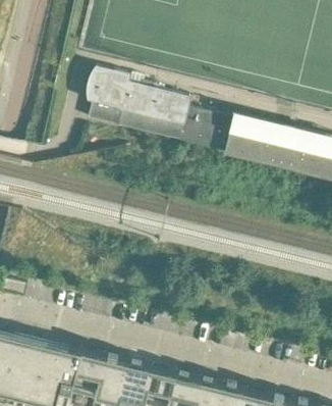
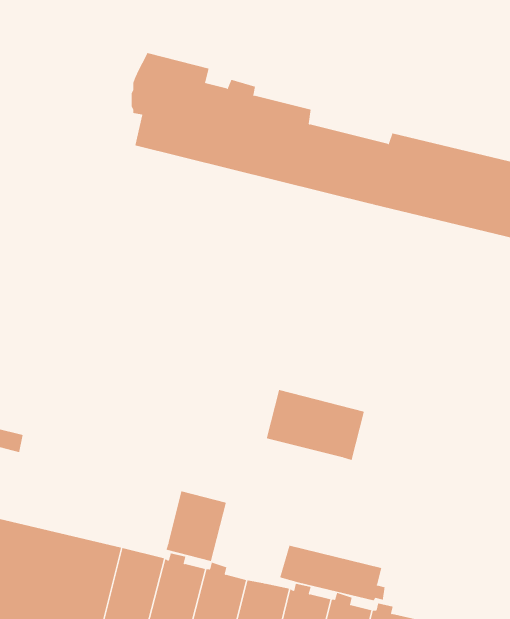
building: none -> [266,389,365,461]
building: none -> [166,491,226,562]
building: none -> [280,545,385,601]

